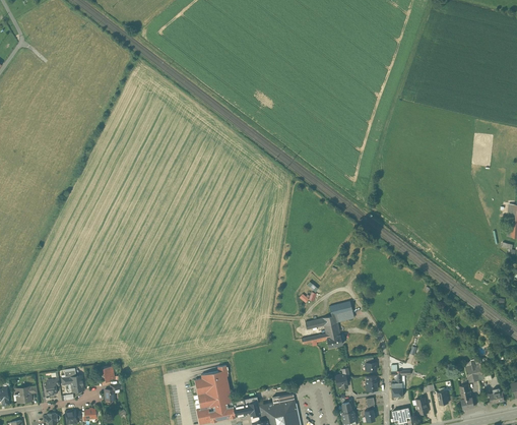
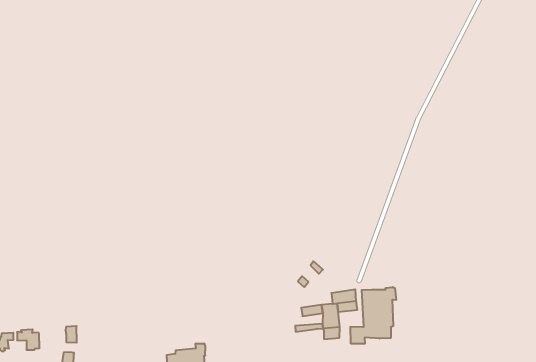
building: none -> [351,287,396,344]

